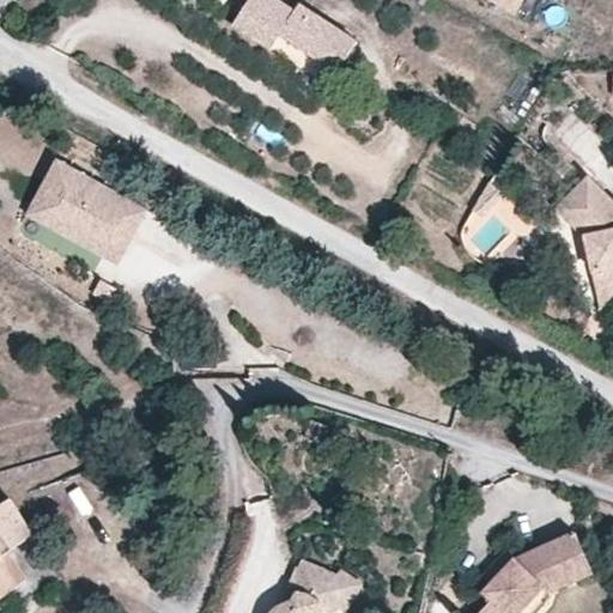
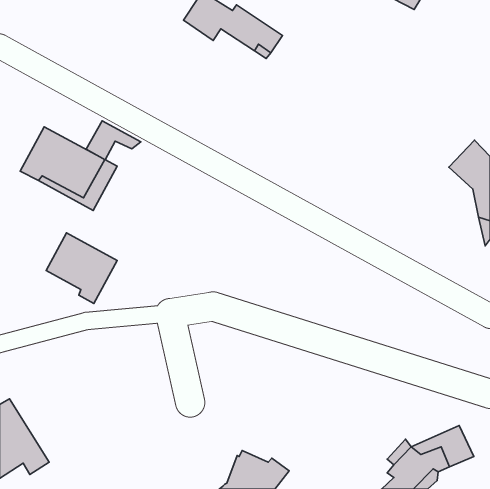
building: none -> [86,121,141,160]
building: none -> [46,233,117,304]

